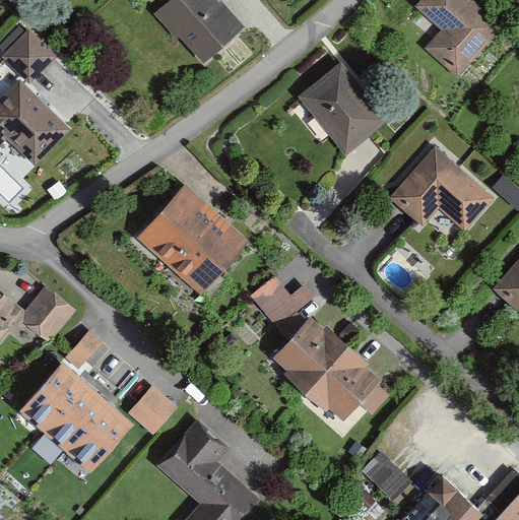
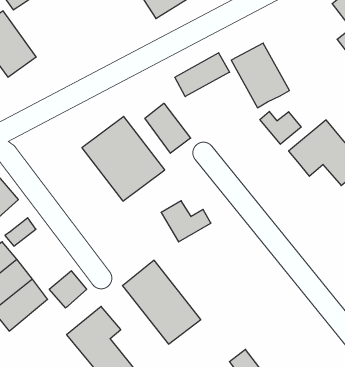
building: none -> [175,53,230,97]
building: none -> [260,111,301,144]
building: none -> [145,103,191,153]
building: [275,317,378,416] -> [122,260,201,344]

